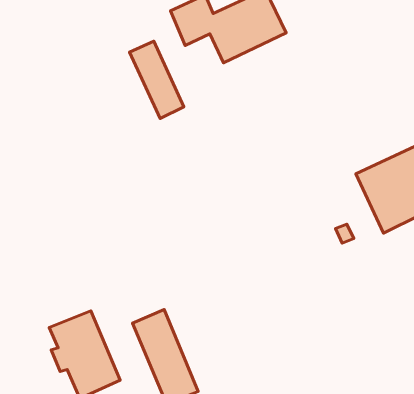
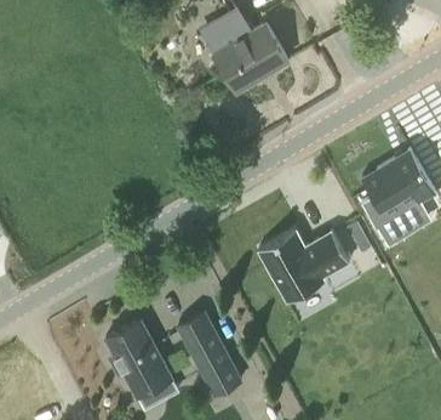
building: [129,41,184,119] -> none
building: none -> [258,227,349,301]

